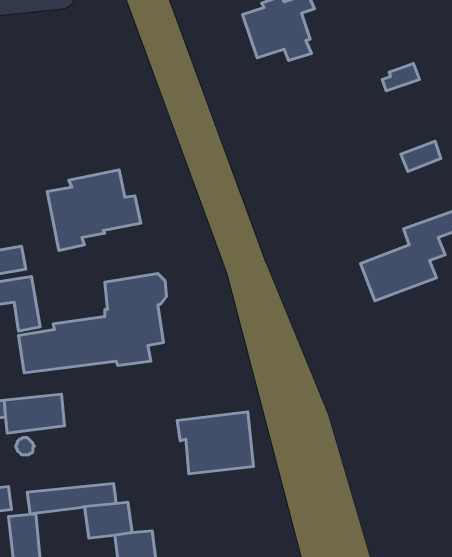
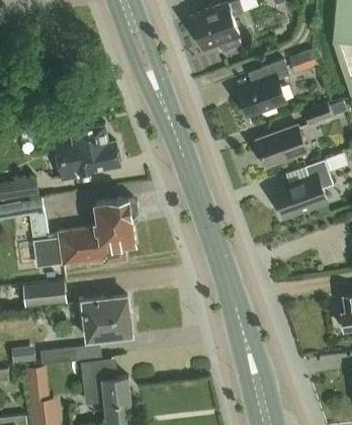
building: none -> [237,60,292,116]
building: none -> [256,125,307,167]
building: [177,412,253,474] -> [78,298,131,341]

